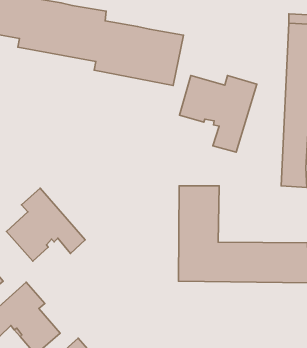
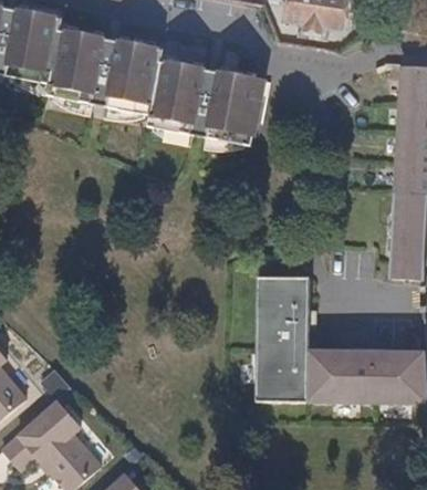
building: [179,75,257,152] -> none
building: [6,188,85,261] -> none

